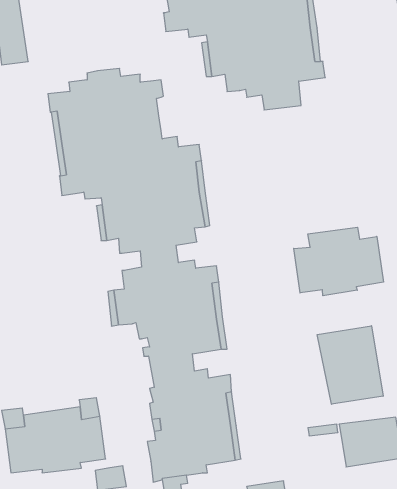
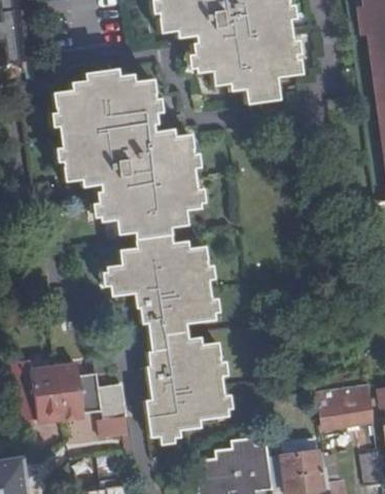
building: [294,227,383,296] -> none
building: [317,326,383,404] -> none

